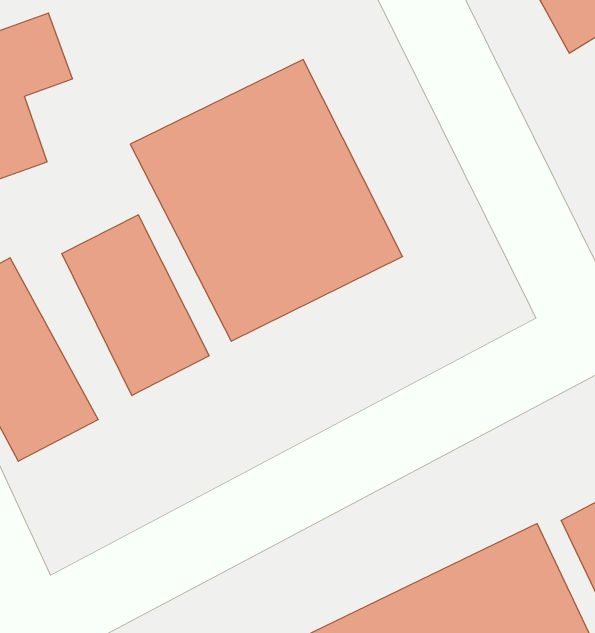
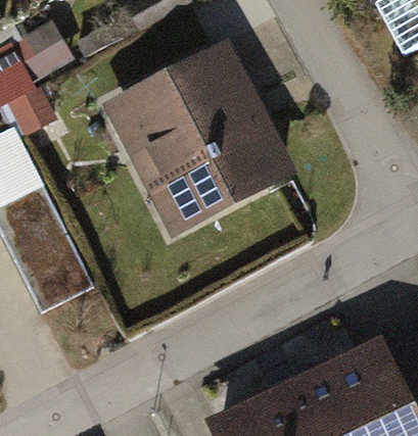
building: [62,215,209,396] -> none

